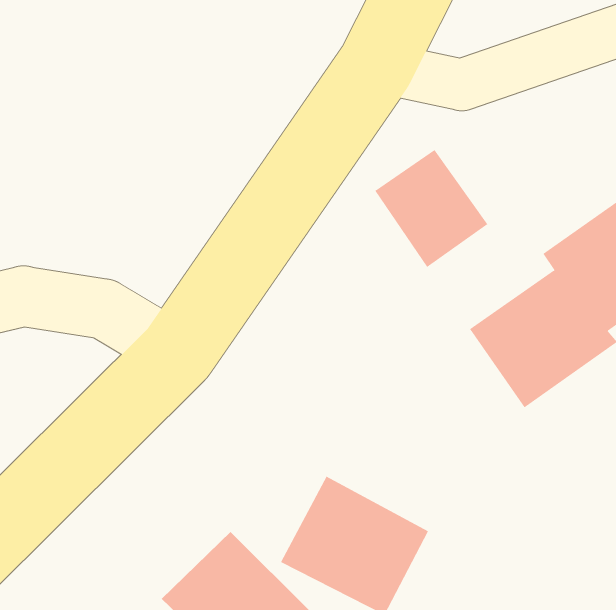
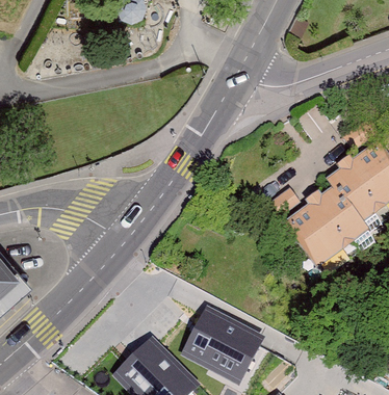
building: [375,149,488,268] -> none

